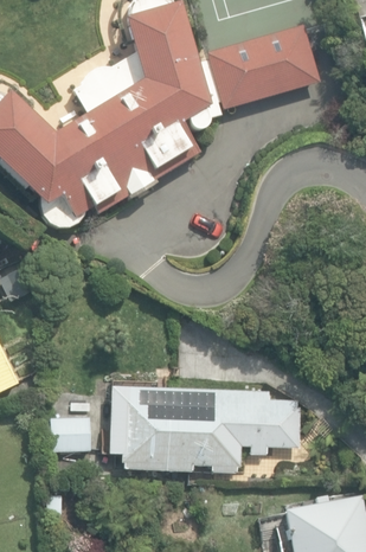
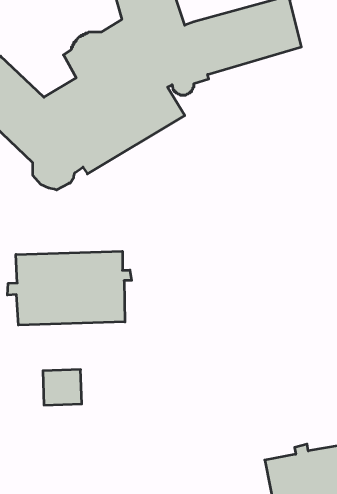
building: none -> [7,251,132,325]
building: [122,384,302,473] -> none

